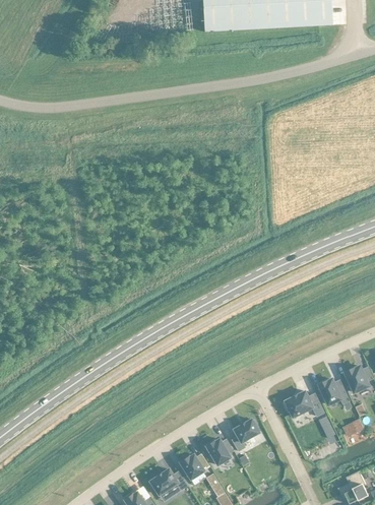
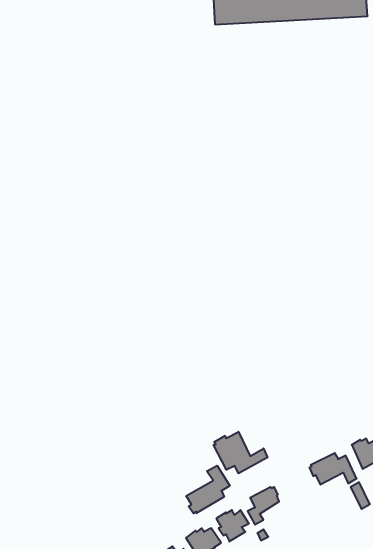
building: none -> [214,432,267,473]
building: none -> [186,466,230,513]

